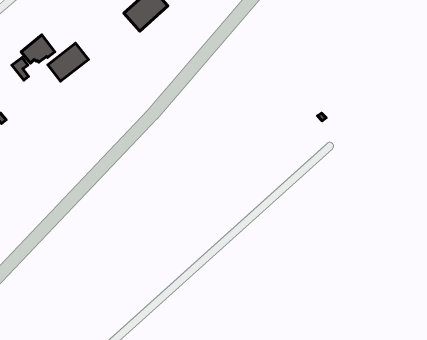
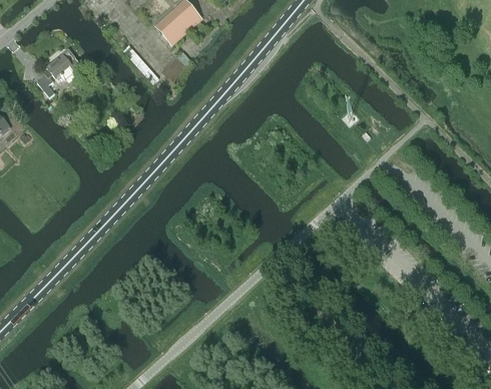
building: [48,43,88,81] -> none

